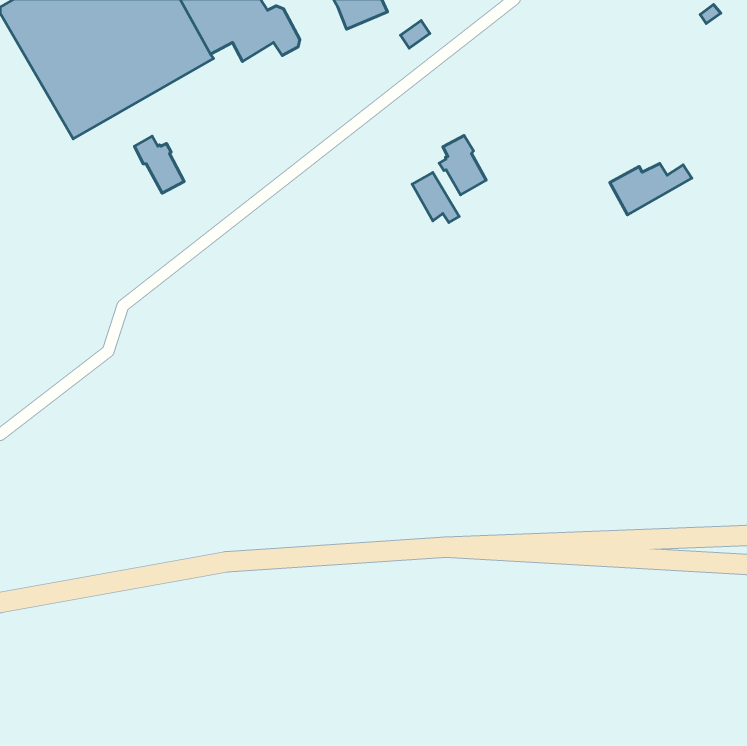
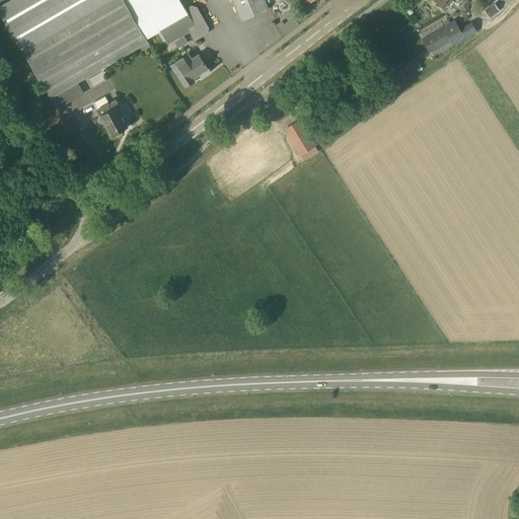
building: none -> [171,52,209,86]
building: [439,136,486,195] -> none
building: [610,164,692,215] -> [421,20,477,56]

